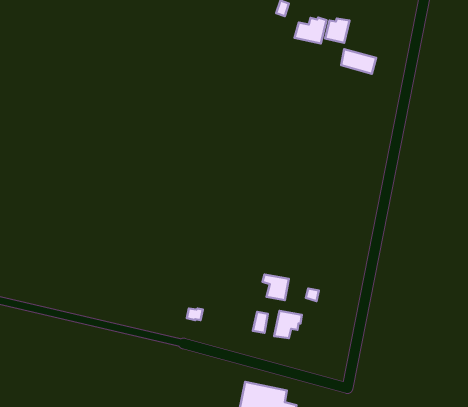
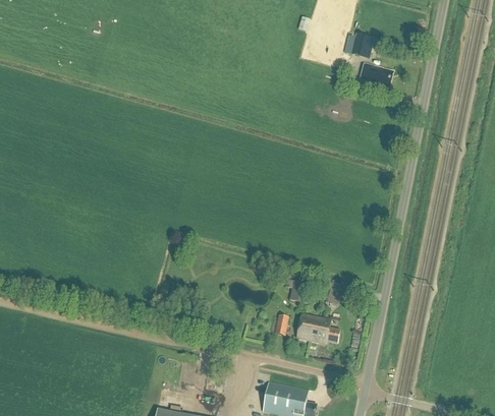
building: [295,17,326,44] -> none
building: none -> [310,317,340,344]

